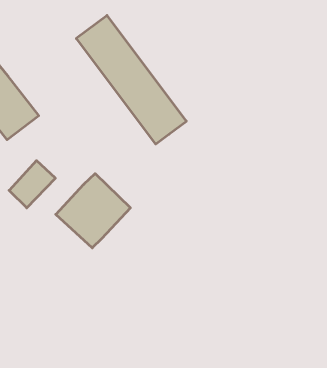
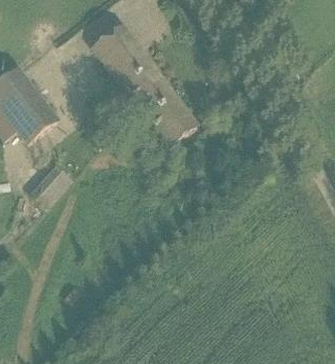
building: [56,174,130,248] -> none

